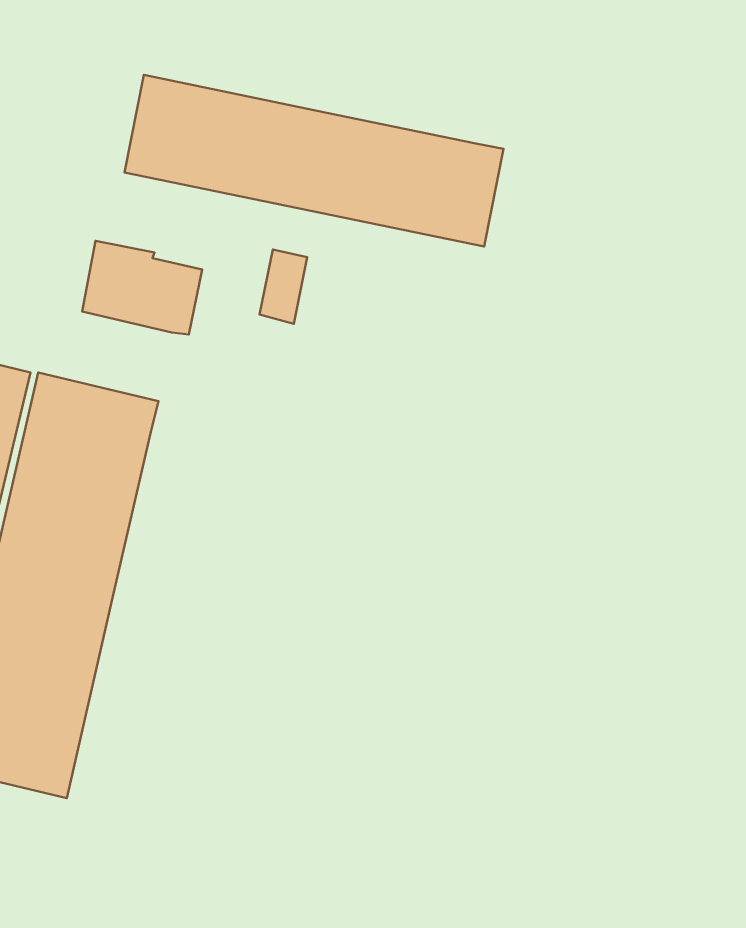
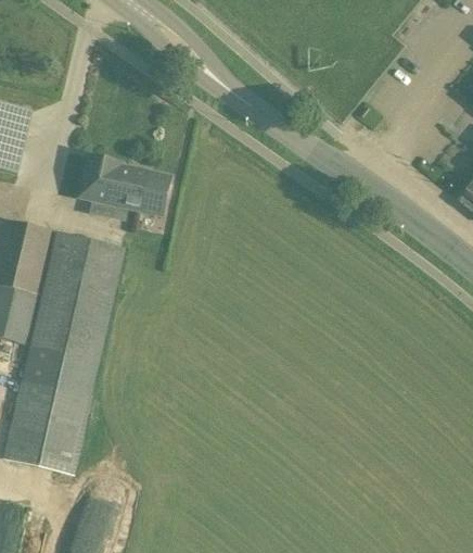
building: [124,75,504,247] -> none
building: [259,249,307,324] -> [141,172,168,214]

